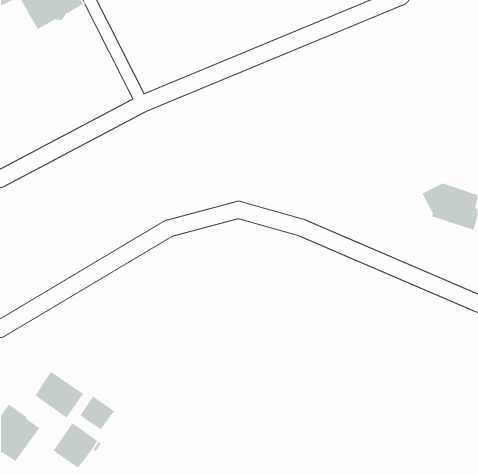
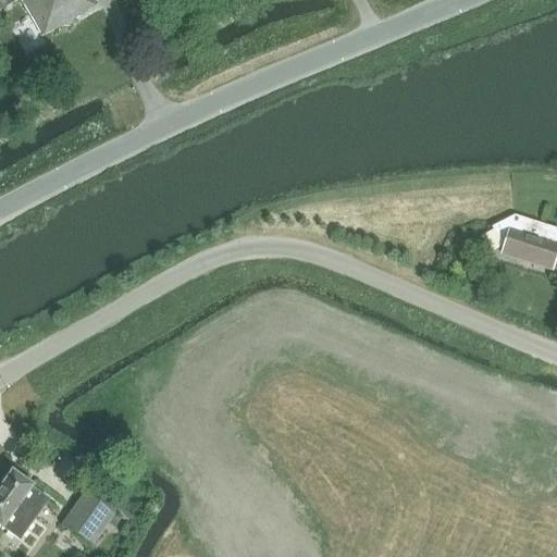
building: [35,371,84,418] -> none
building: [79,396,115,430] -> none

